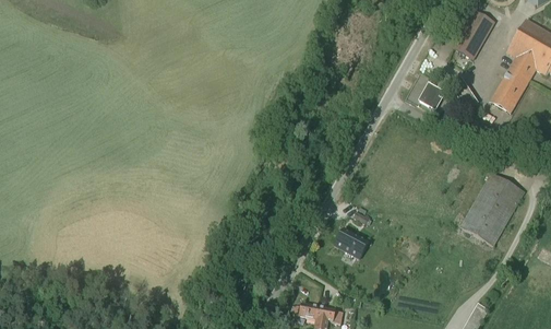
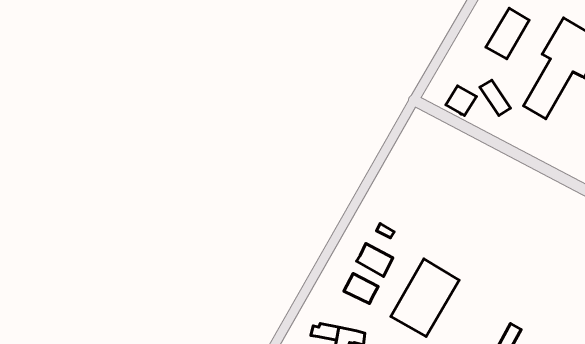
building: [460,172,524,244] -> [391,259,459,337]
building: none -> [344,273,378,303]

